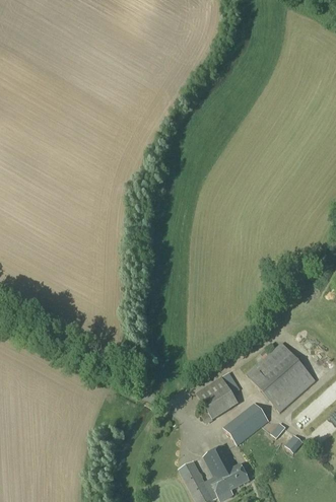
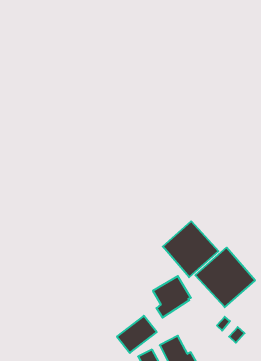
building: none -> [163,221,218,277]
building: [223,401,270,444] -> [117,316,157,353]

